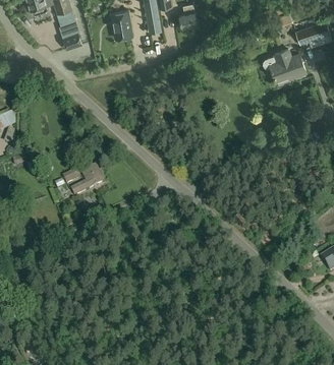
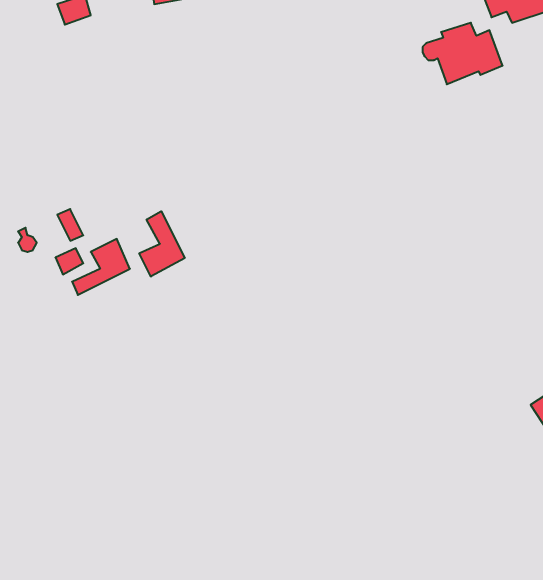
building: none -> [139,211,185,277]

